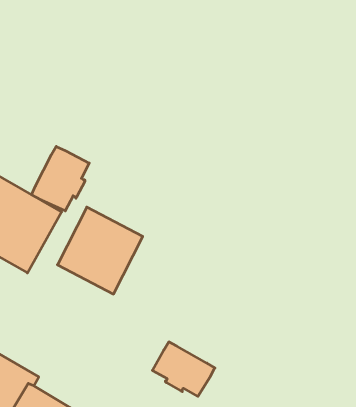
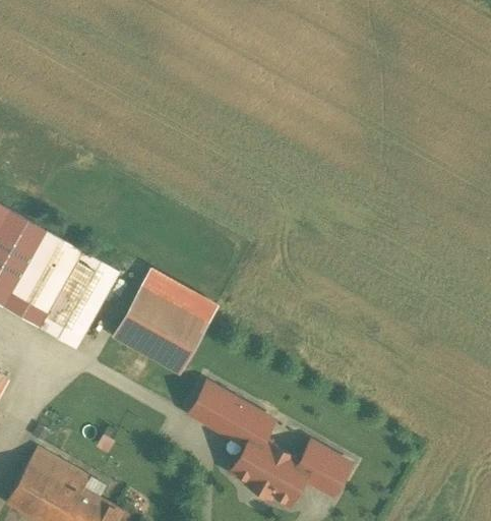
building: [31,146,89,211] -> none
building: none -> [189,384,272,445]
building: none -> [300,443,349,495]

